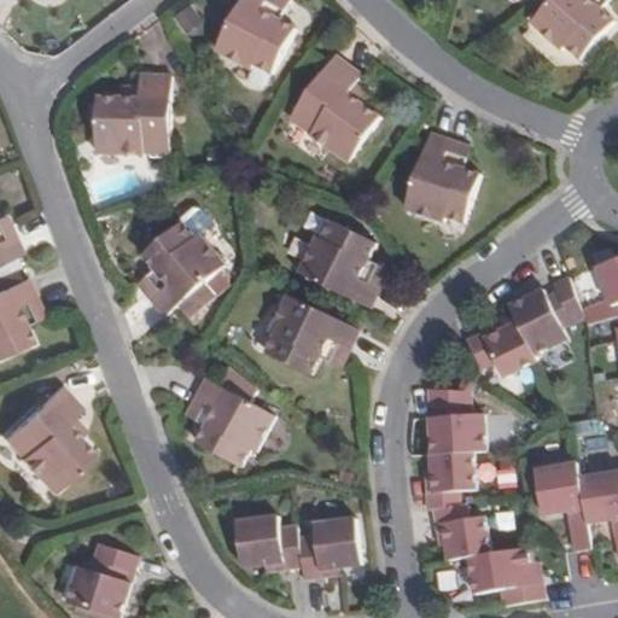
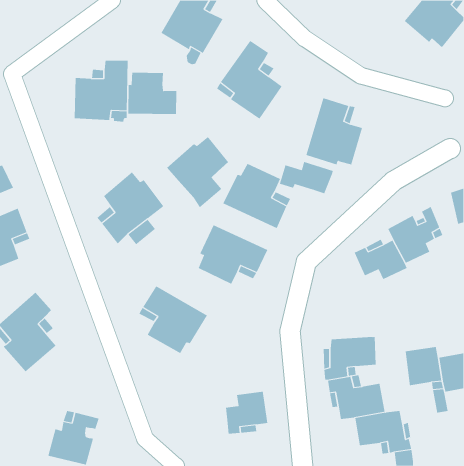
building: none -> [128,72,177,115]
building: none -> [166,136,229,208]
building: none -> [279,161,333,194]
building: [435,384,494,449] -> none
building: [234,511,301,562] -> none

